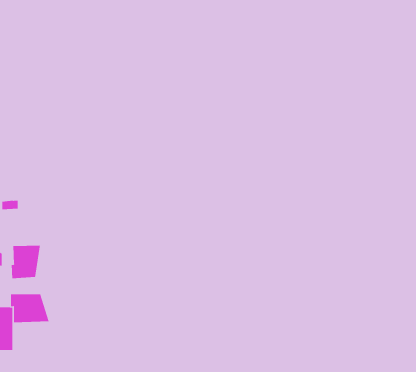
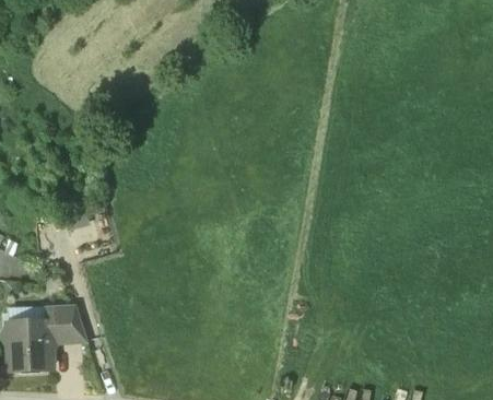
building: [11,245,41,279] -> none

